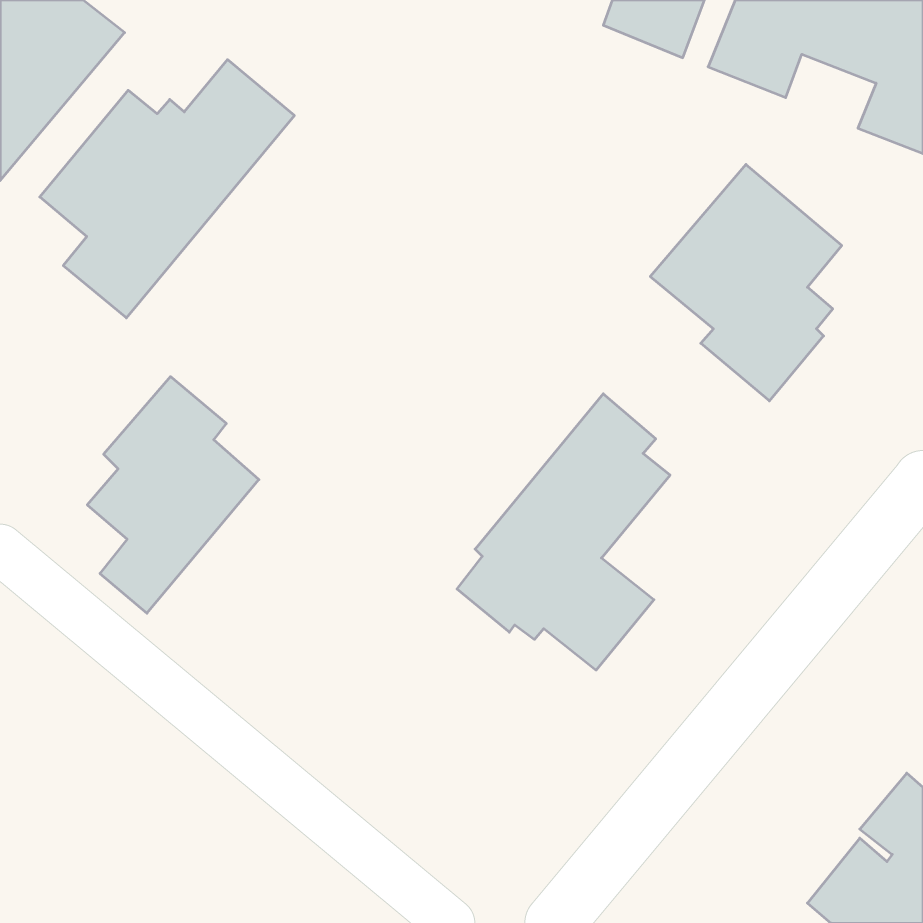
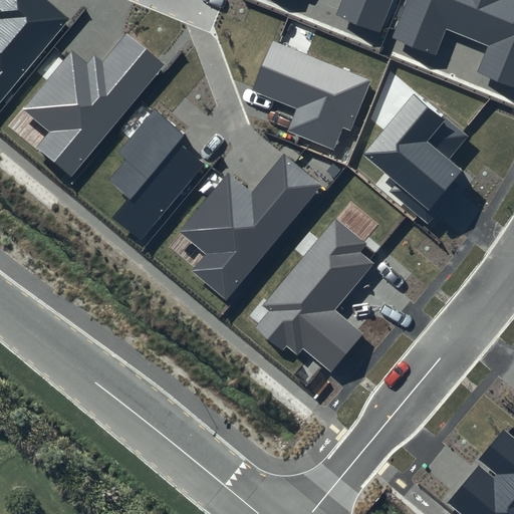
building: none -> [251,40,369,151]
building: none -> [180,154,322,301]
building: [87,377,259,613] -> [108,108,204,240]

